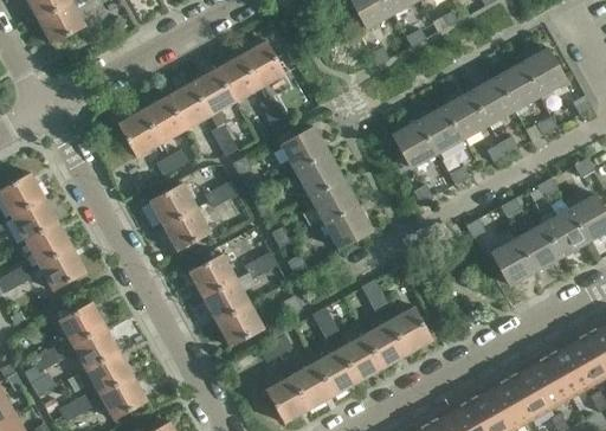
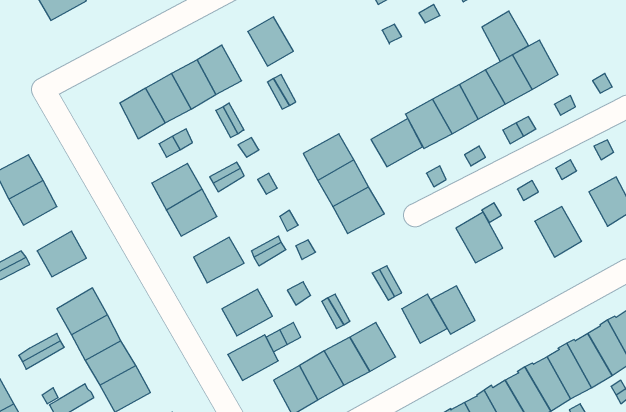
building: [521,49,566,97] -> [482,11,529,62]
building: [215,56,259,103] -> none
building: [278,127,328,173] -> [371,119,423,167]
building: [542,210,586,257] -> none
building: [25,224,71,266] -> none
building: [490,238,535,287] -> [456,212,503,263]
building: [201,278,250,322] -> [228,335,278,380]
building: [363,322,406,368] -> [431,286,475,334]

